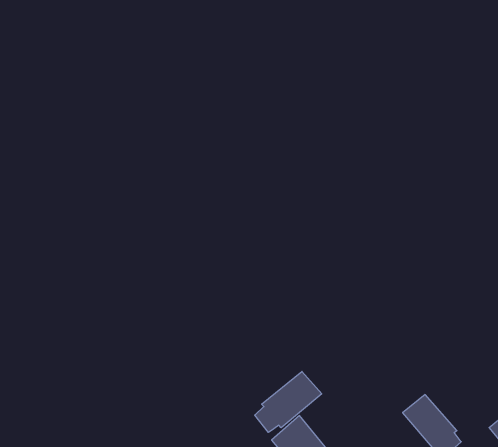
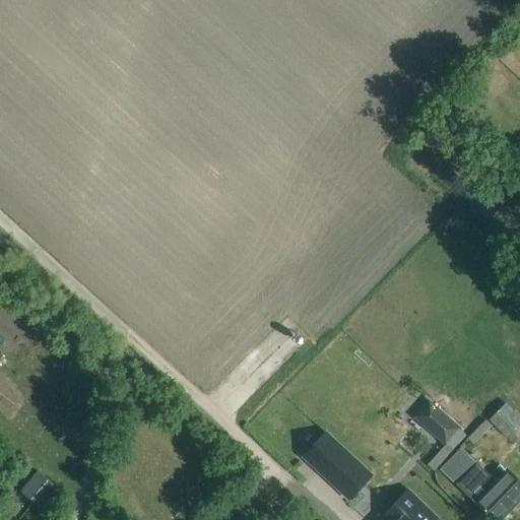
building: [255,371,322,432] -> none

